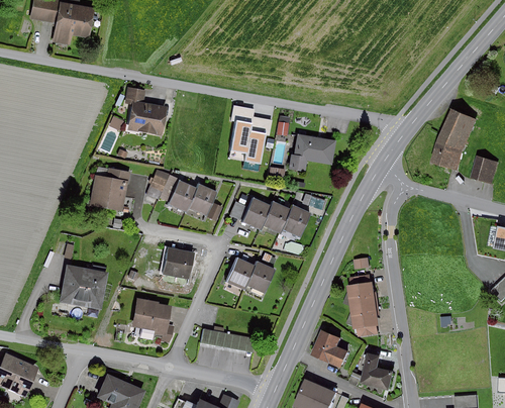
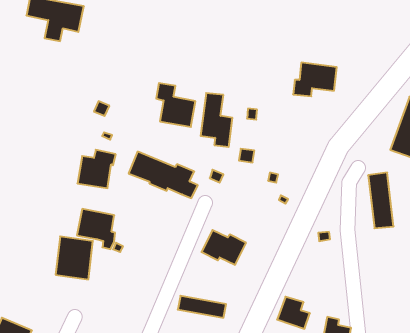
building: [124,87,168,135] -> [156,83,195,127]
building: [288,134,336,172] -> [293,63,337,96]
building: [241,198,312,238] -> none
building: [161,246,195,276] -> none
building: [349,275,378,336] -> [368,173,394,228]
building: [131,298,174,342] -> [77,209,115,249]

